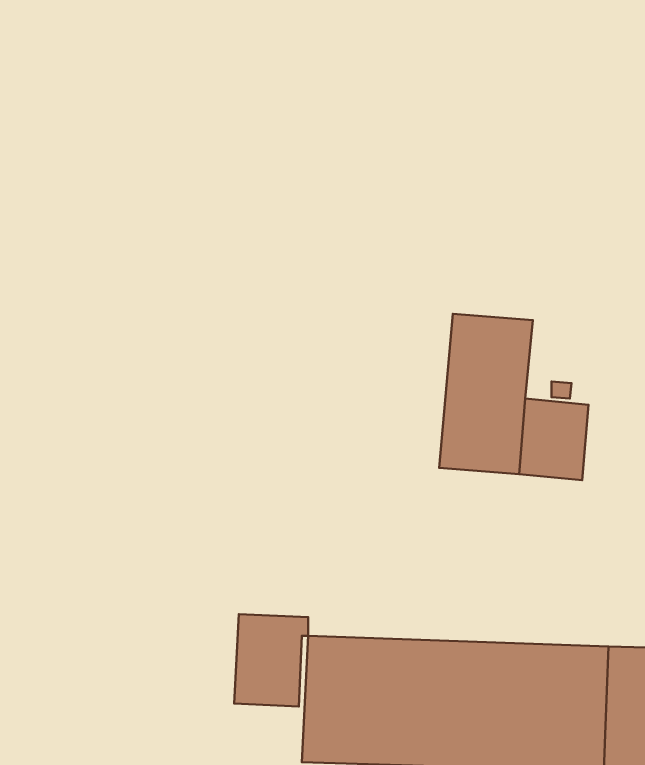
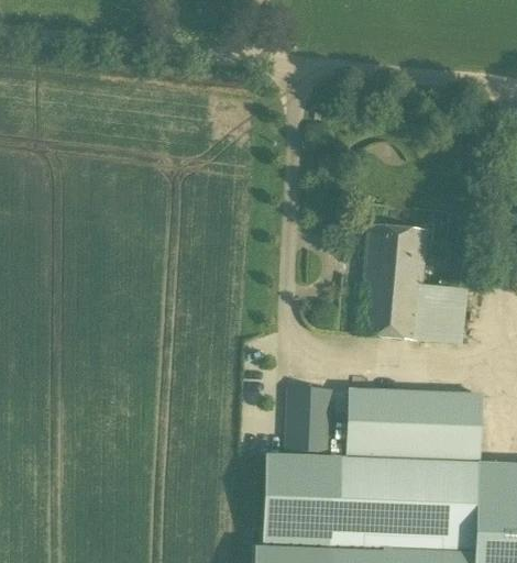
building: none -> [349,391,483,461]
building: [234,614,308,707] -> [286,388,339,454]

